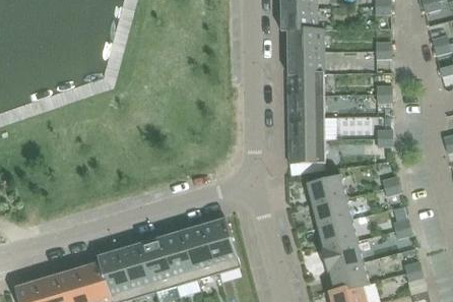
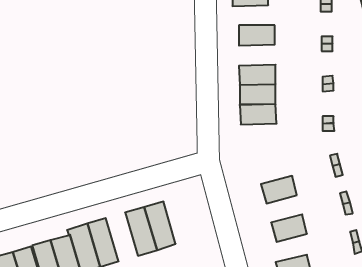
building: [279,7,320,29] -> none
building: [286,51,327,73] -> none
building: [287,138,328,163] -> none
building: [306,174,345,205] -> none
building: [203,218,239,271] -> none
building: [317,218,357,248] -> none
building: [139,237,175,291] -> none
building: [328,260,367,291] -> none

